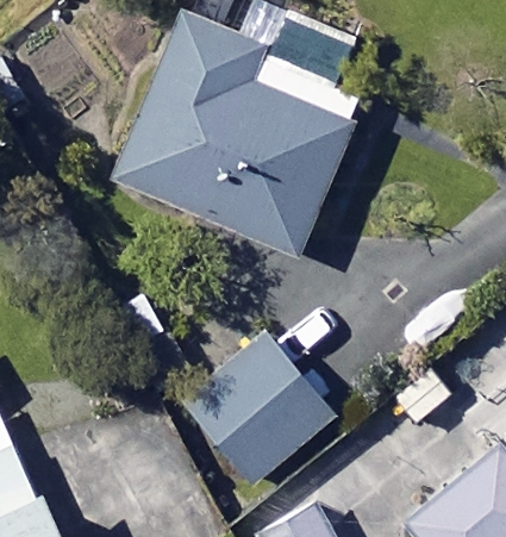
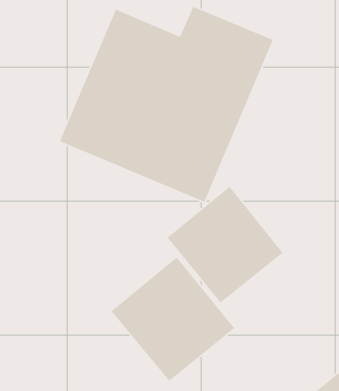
building: none -> [167,186,284,303]

